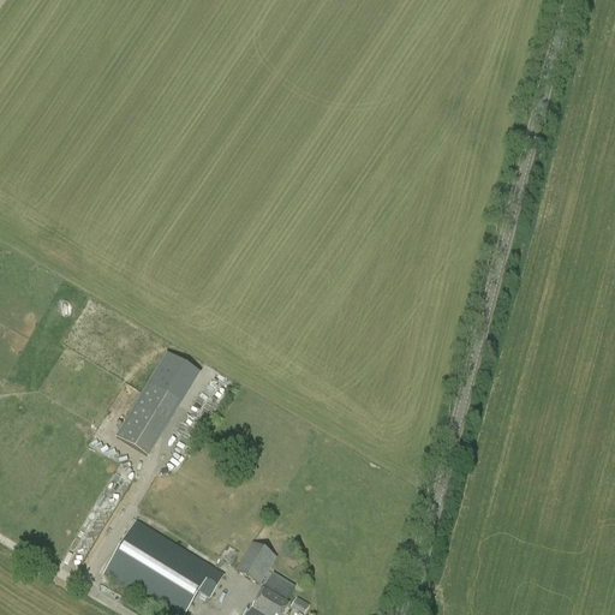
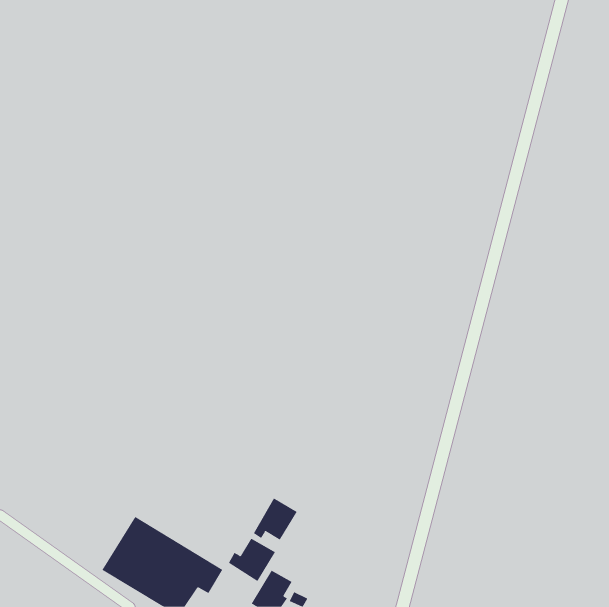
building: [117,350,199,456] -> none
building: none -> [253,497,297,540]

